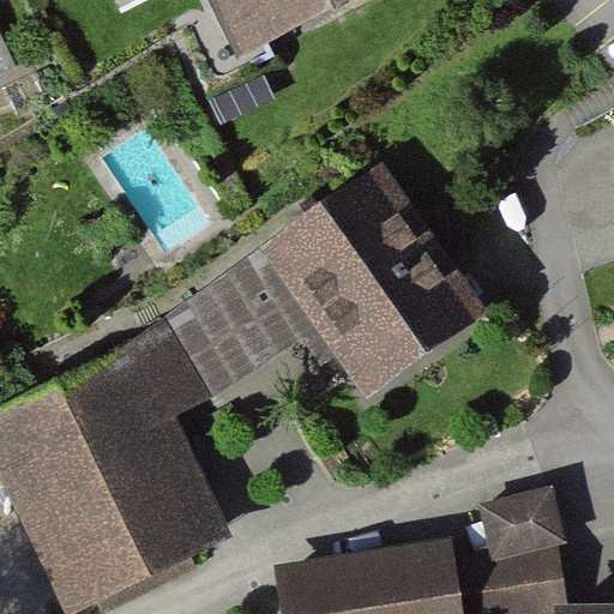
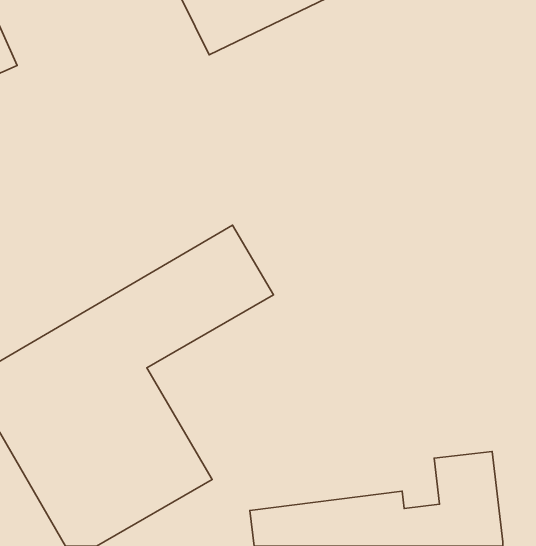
building: [260,175,483,404] -> none

